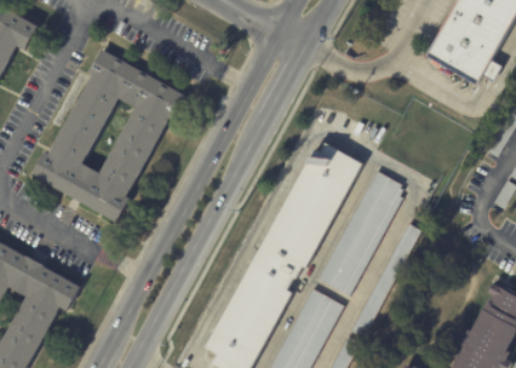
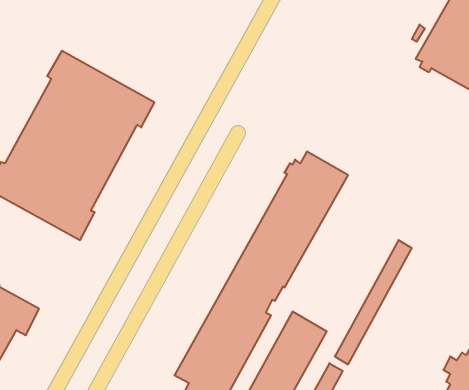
building: [317,169,403,295] -> none

